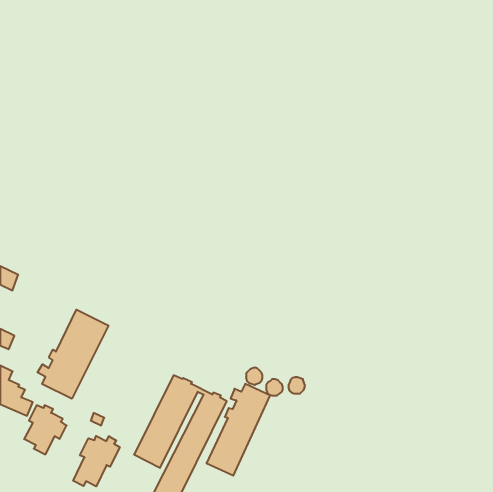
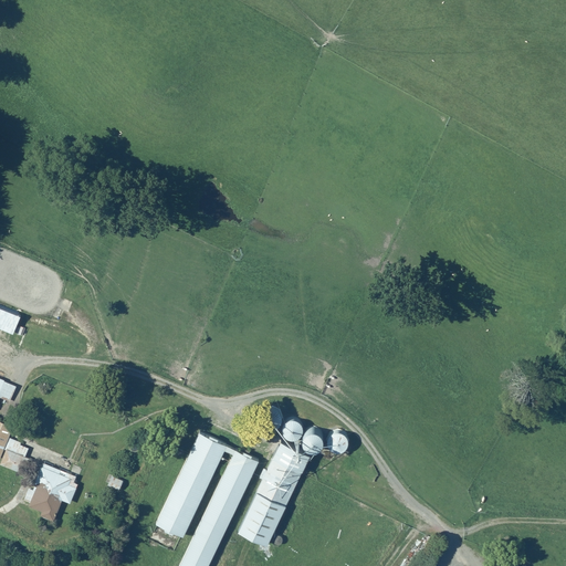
building: [38,310,108,399] -> none
building: [73,436,120,486] -> none

